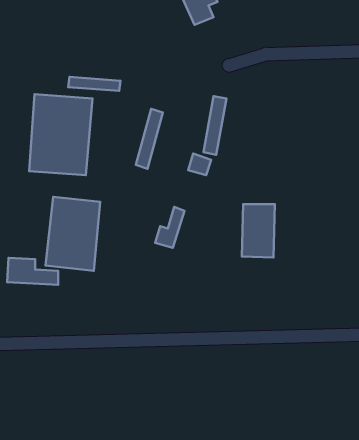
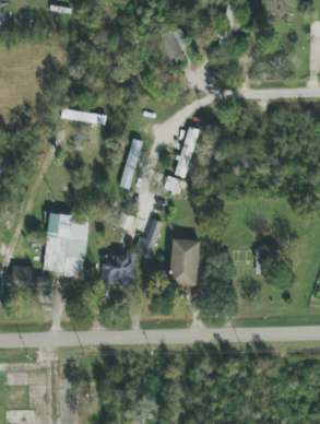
building: [29,94,92,175] -> none
building: [242,204,275,258] -> [170,239,199,285]
building: none -> [102,254,137,285]

